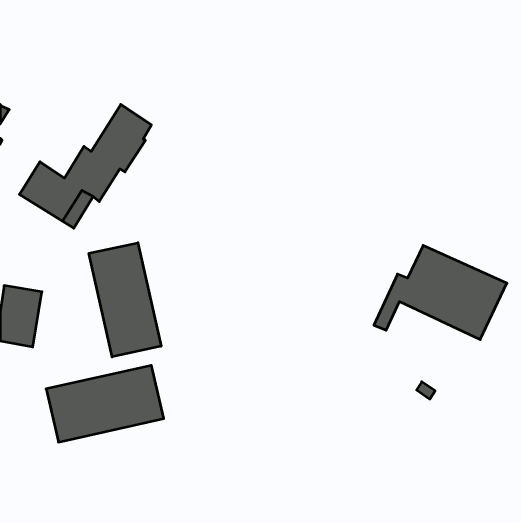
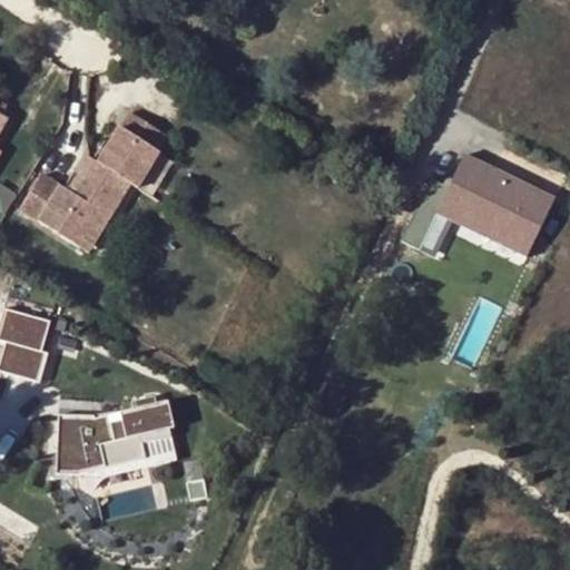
building: [89,243,161,357] -> none
building: [374,245,507,340] -> [409,153,553,255]

